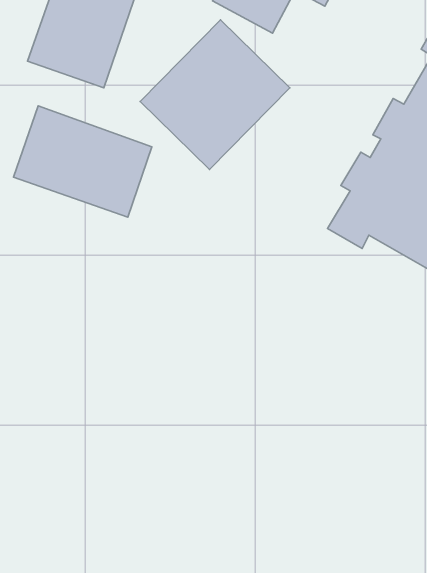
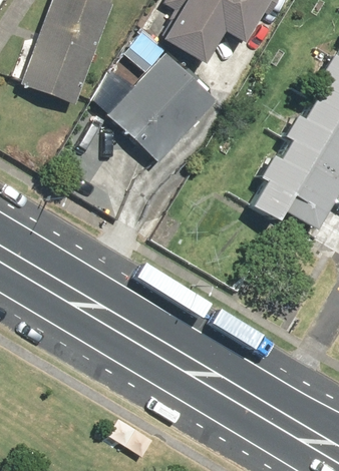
building: [13,106,152,217] -> none

